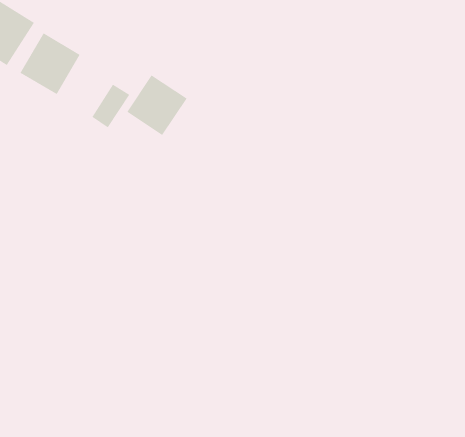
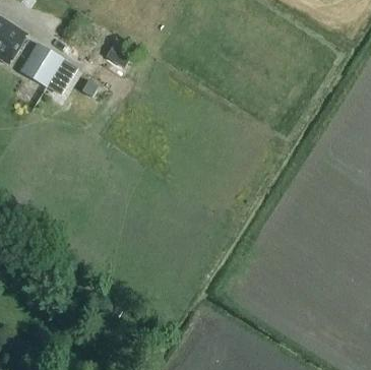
building: [126,75,187,136] -> none

